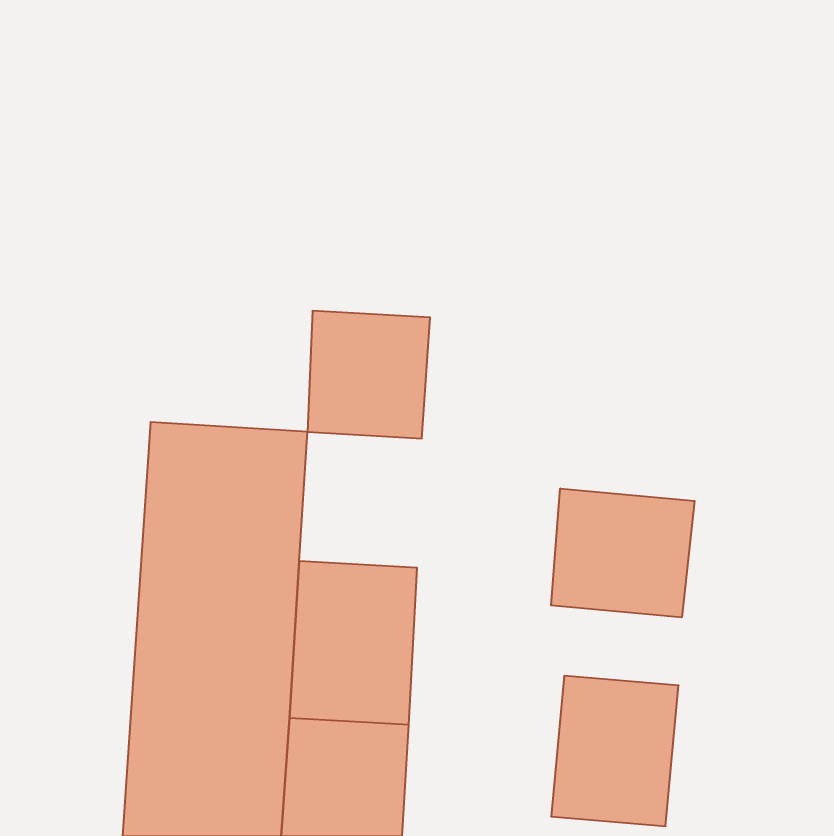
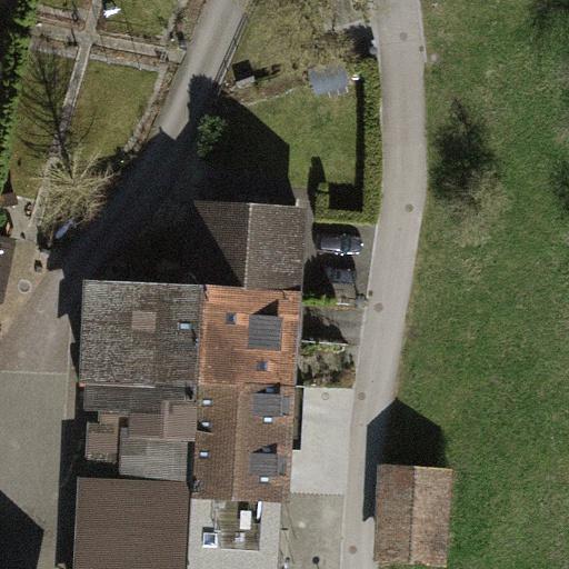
building: none -> [204,293,288,386]
building: [551,488,695,617] -> none

